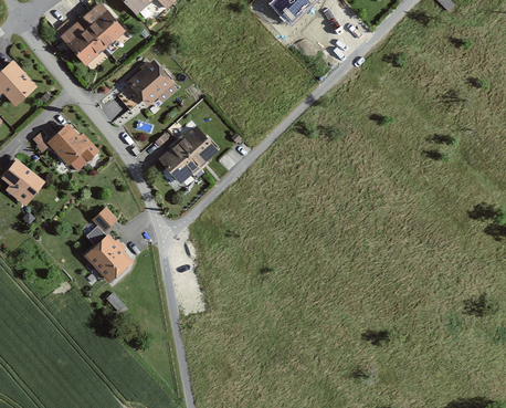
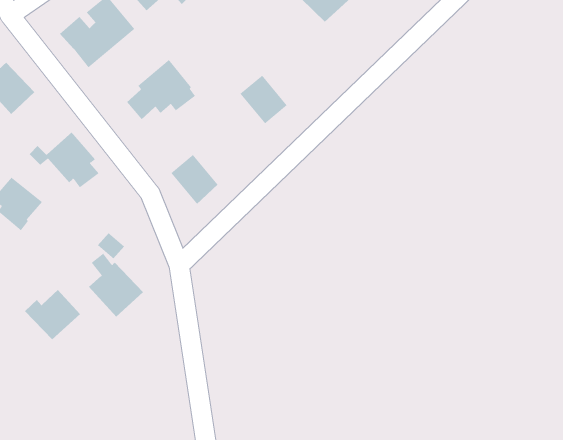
building: [176,123,218,166] -> [240,75,288,124]
building: none -> [24,289,81,340]

